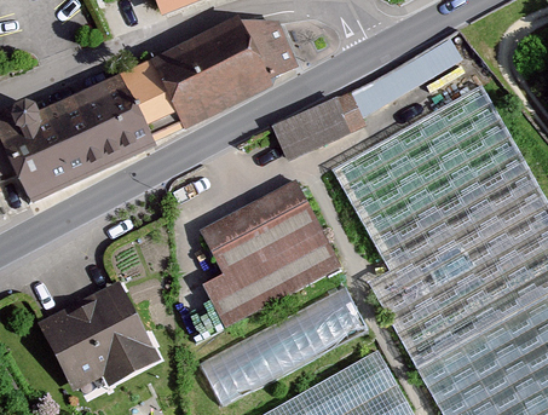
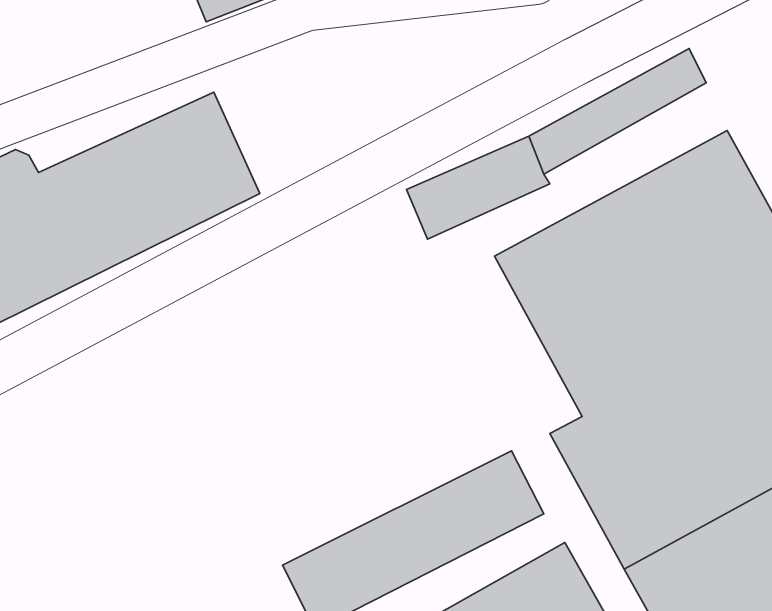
building: [156,22,300,128] -> none
building: [196,178,338,323] -> none
building: [42,279,162,386] -> none

